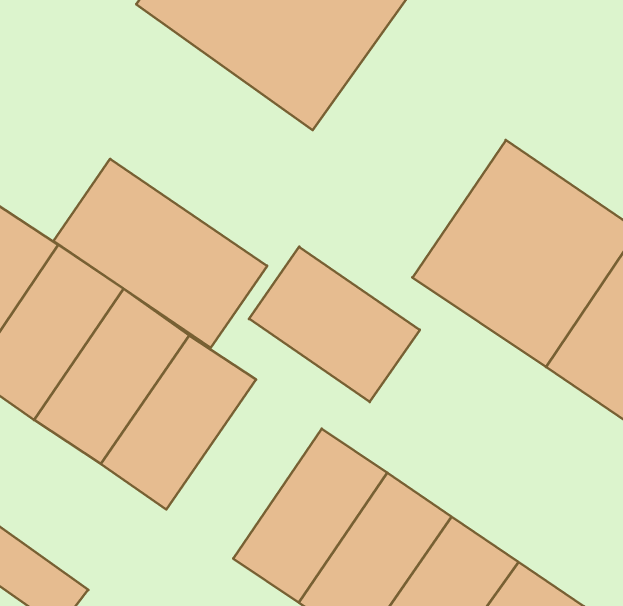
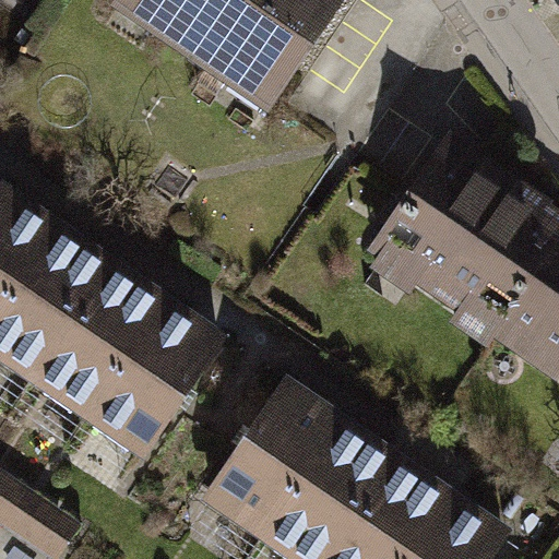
building: [54,159,267,348] -> none
building: [249,247,420,402] -> none

